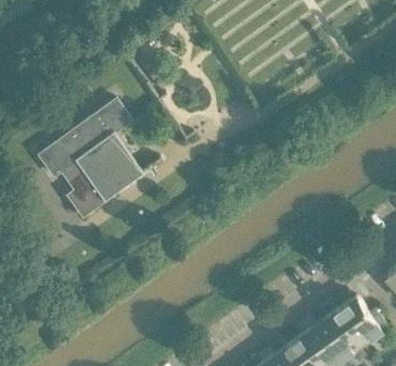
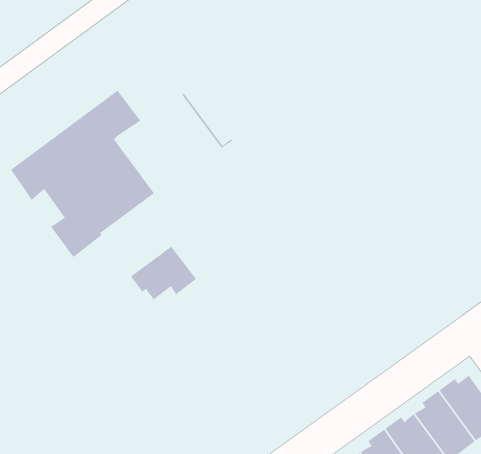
building: none -> [130,246,197,300]

